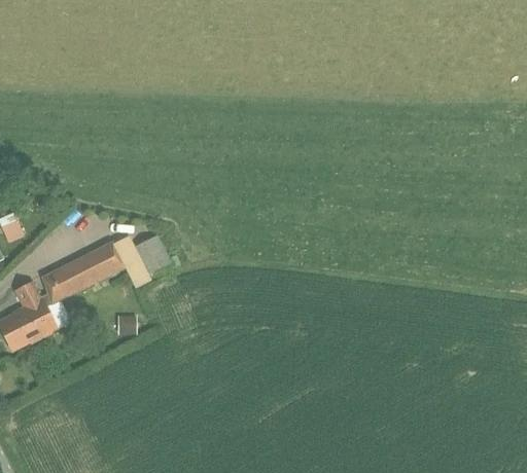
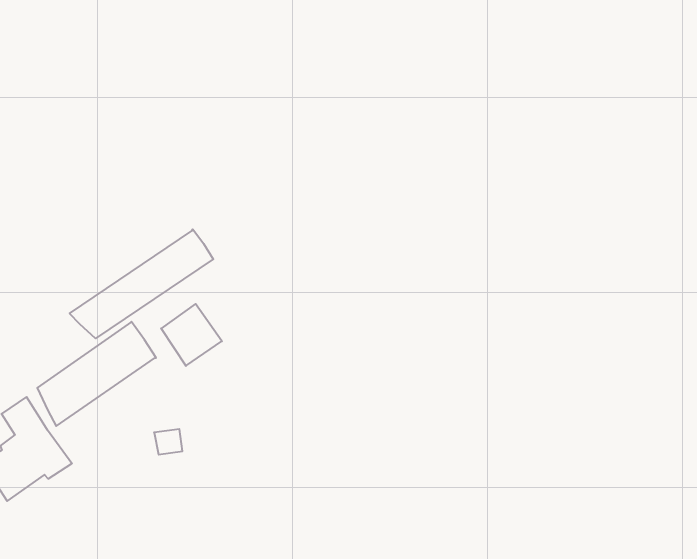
building: none -> [70,229,213,338]

